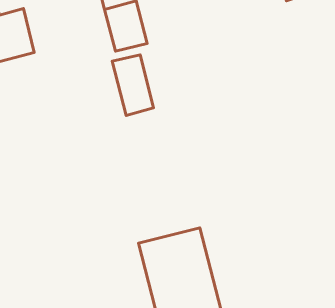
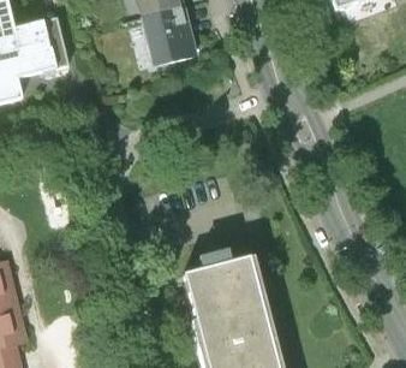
building: [112,55,153,115] -> none

